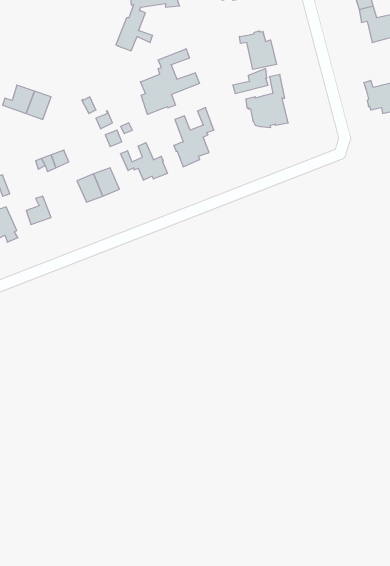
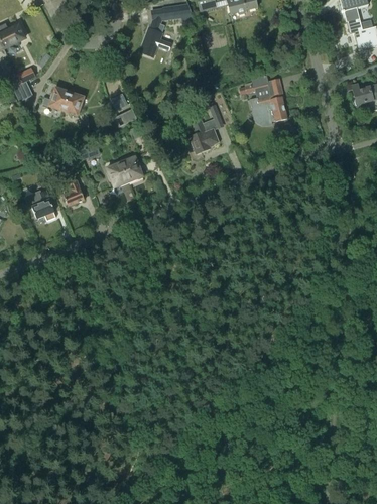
building: [239,31,277,69] -> none
building: [140,49,199,114] -> none
building: [120,143,168,180] -> none

